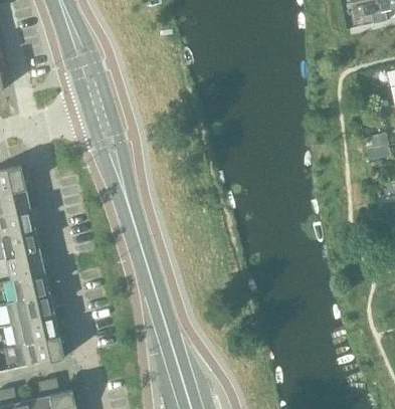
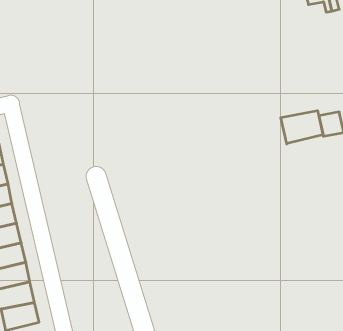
building: none -> [281,111,323,144]

